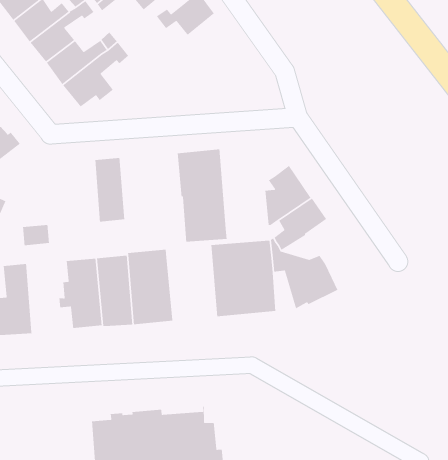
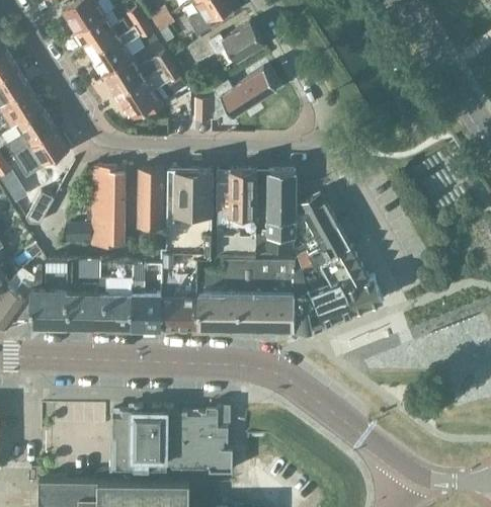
building: none -> [195,69,276,120]
building: none -> [255,171,295,256]
building: none -> [160,170,212,261]
building: none -> [92,168,125,248]
building: none -> [304,246,383,313]
building: none -> [197,259,239,327]
building: none -> [66,260,103,325]
building: none -> [294,290,312,327]

